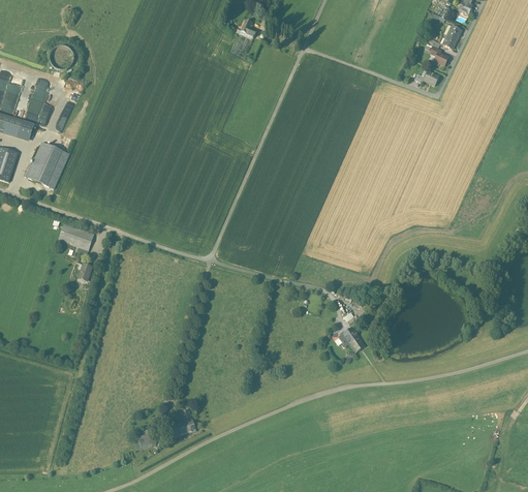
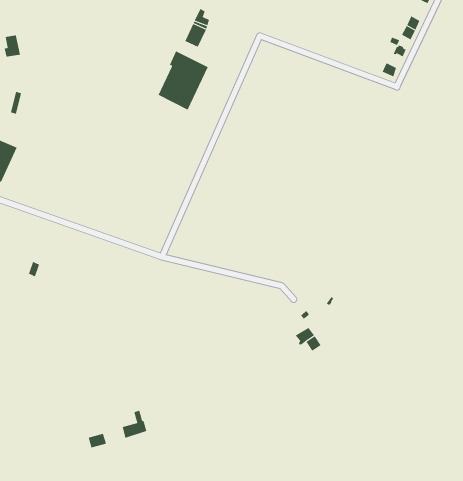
building: none -> [158,51,208,110]
building: [58,224,94,250] -> none

